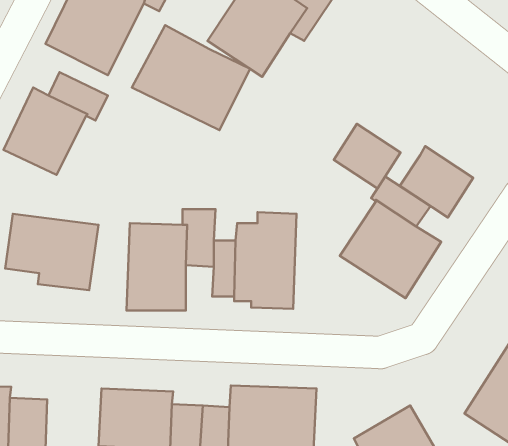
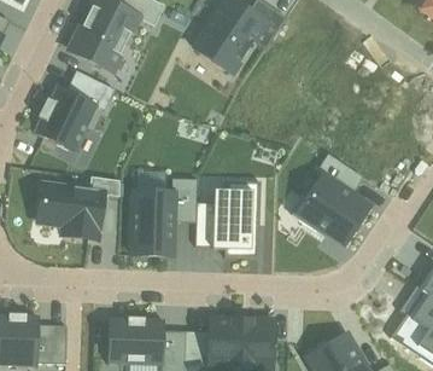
building: [132,25,250,130] -> none
building: [334,124,401,189] -> none
building: [400,146,473,218] -> none

